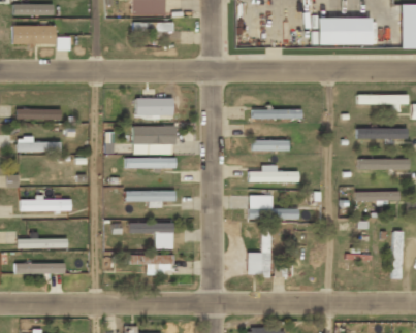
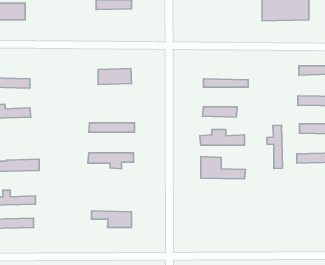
building: [133,126,177,155] -> none
building: none -> [267,125,282,168]
building: [129,223,173,249] -> none
building: [248,228,270,276] -> none

